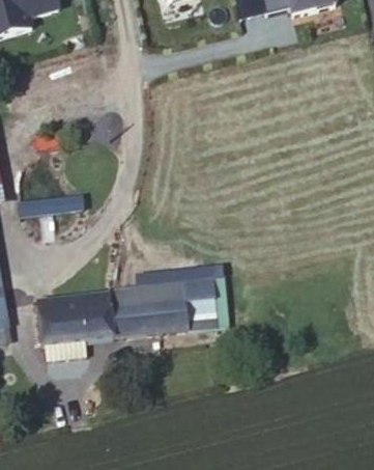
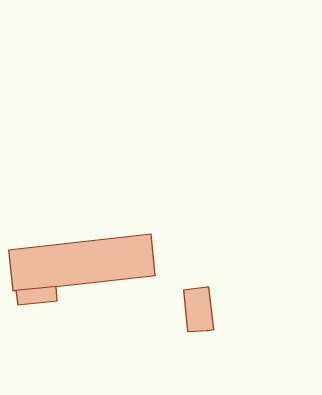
building: [189,282,220,328] -> [184,287,214,332]

